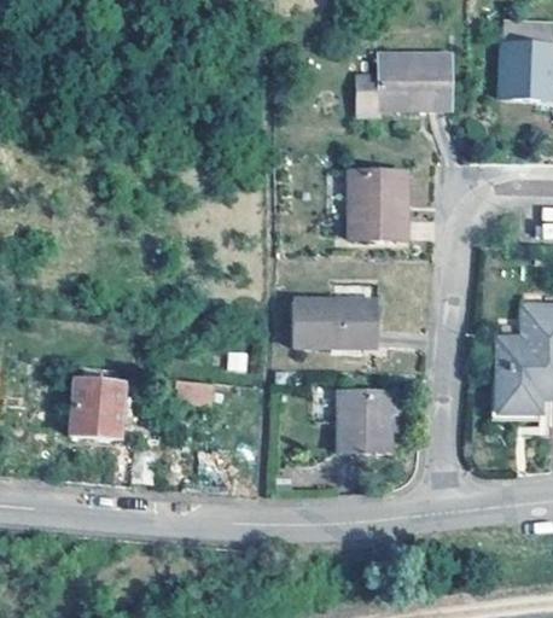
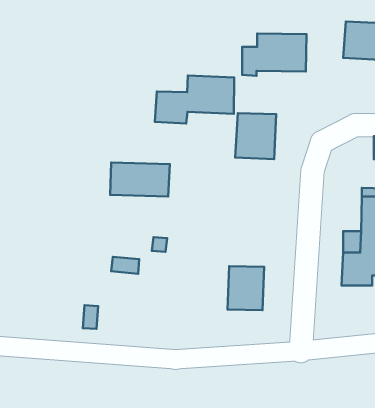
building: none -> [155,75,234,124]
building: [293,299,378,348] -> [110,162,170,196]
building: [68,375,121,433] -> none

